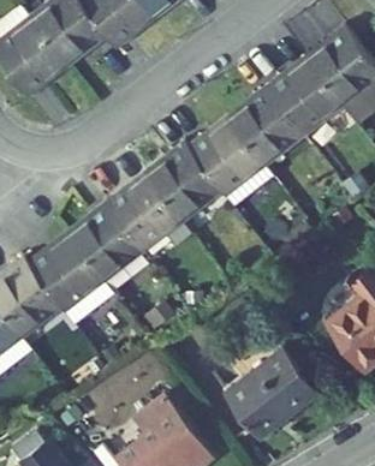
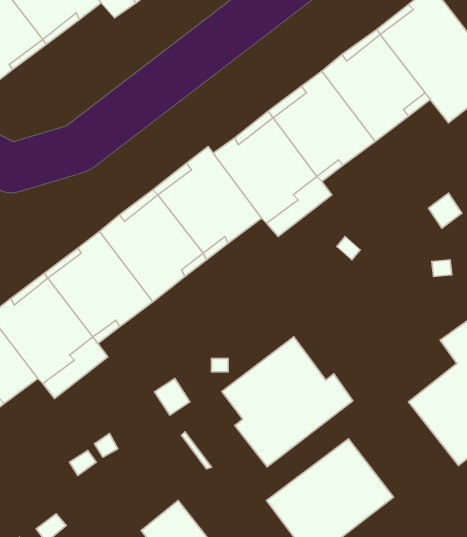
building: none -> [222,337,353,467]

